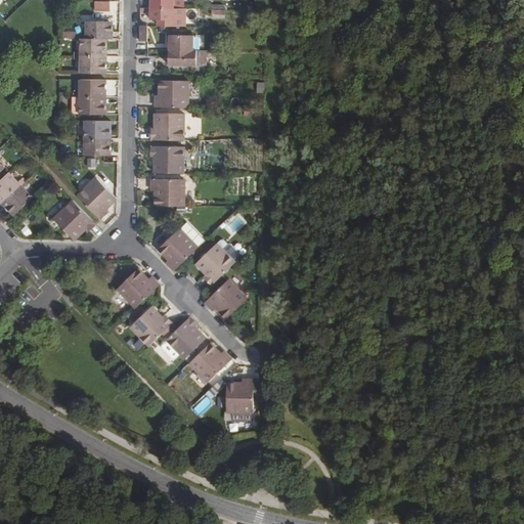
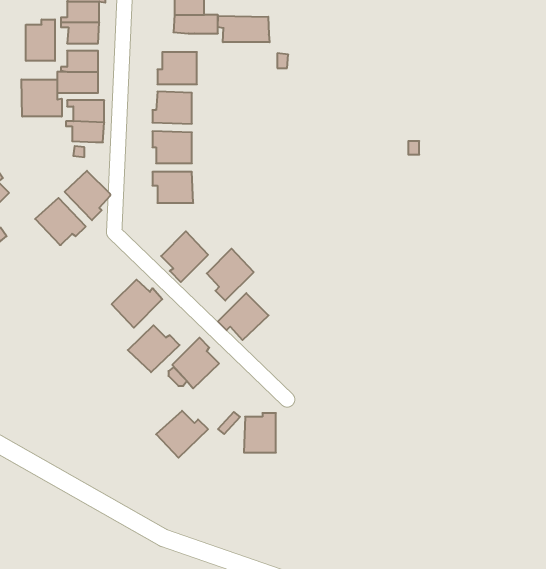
building: none -> [218,16,270,42]
building: none -> [26,19,55,61]
building: none -> [21,79,62,117]
building: [187,343,230,382] -> [156,411,208,458]

